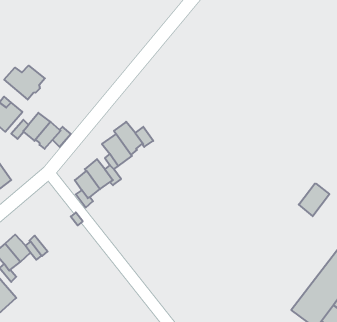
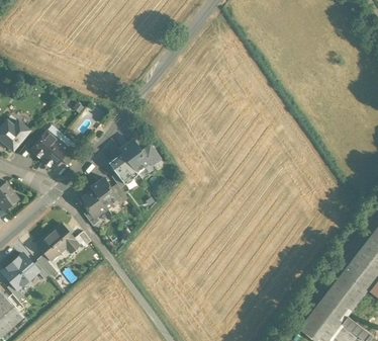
building: [4,66,45,100] -> none
building: [299,184,329,216] -> none
building: none -> [36,223,77,259]

